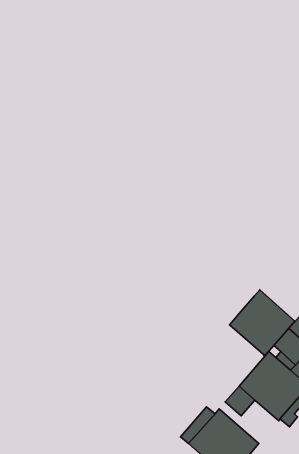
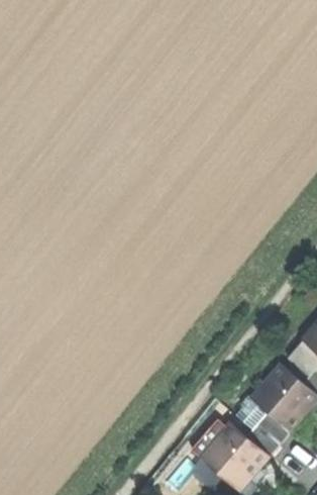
building: [229,290,295,356] -> none
building: none -> [245,411,290,456]

